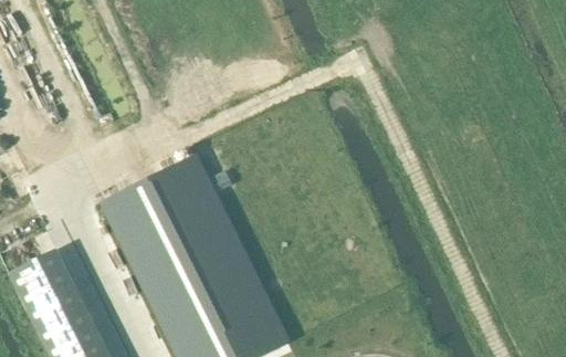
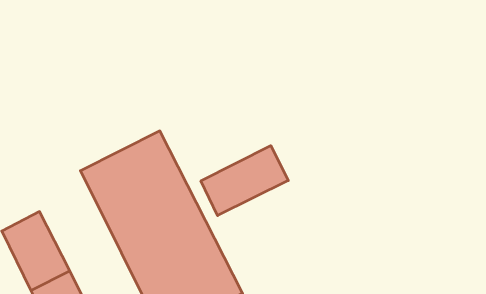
building: none -> [201,146,288,216]

